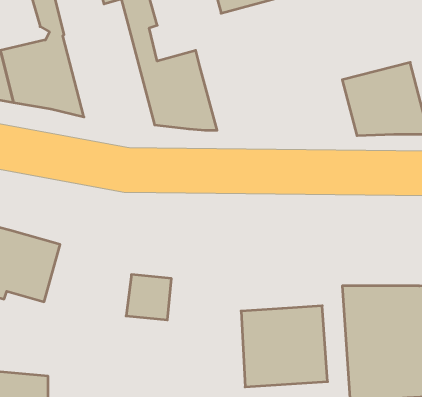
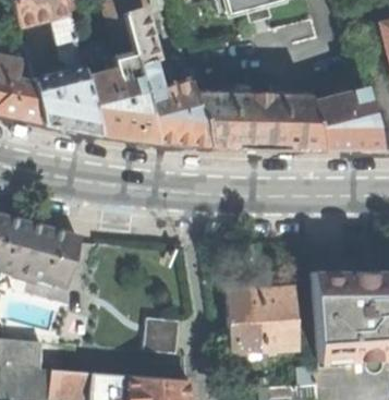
building: none -> [86,57,157,140]
building: none -> [194,92,323,148]
building: [126,275,171,320] -> [148,318,185,355]

